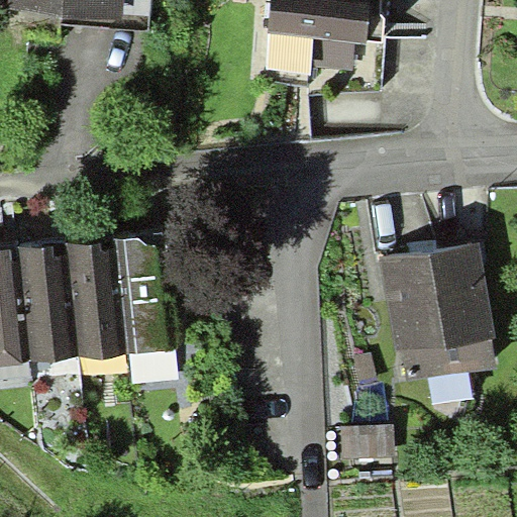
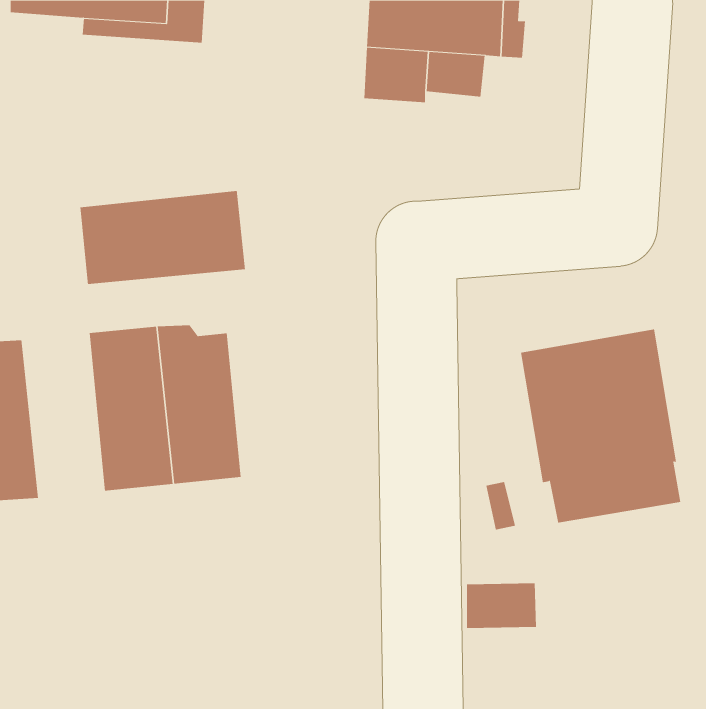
building: none -> [80,190,245,285]
building: [16,242,76,363] -> none

